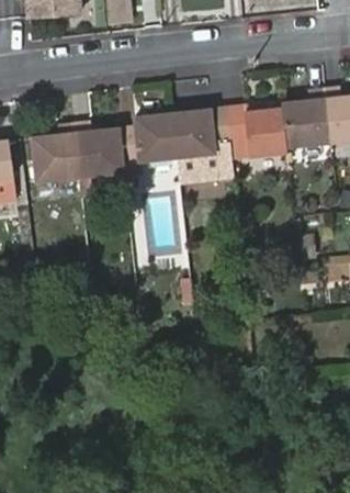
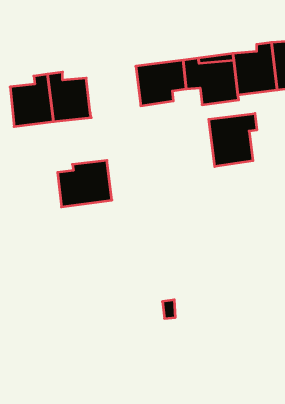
building: [117,115,178,167] -> [58,160,112,207]
building: none -> [209,113,257,167]

